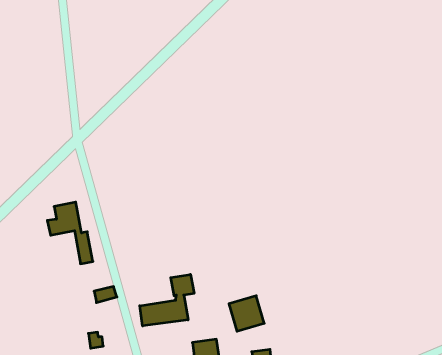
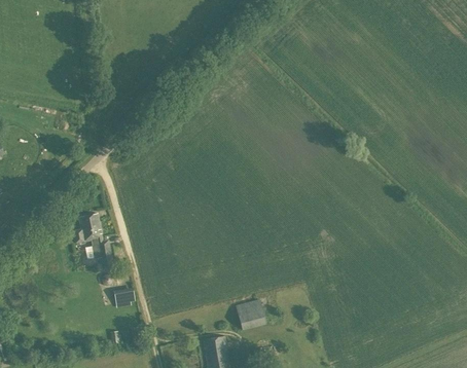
building: [140,274,194,326] -> none

